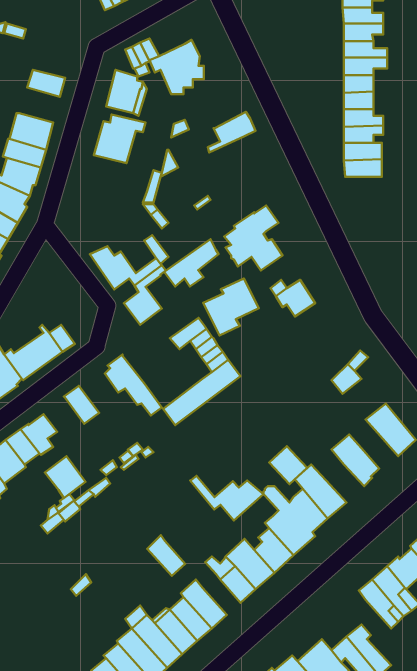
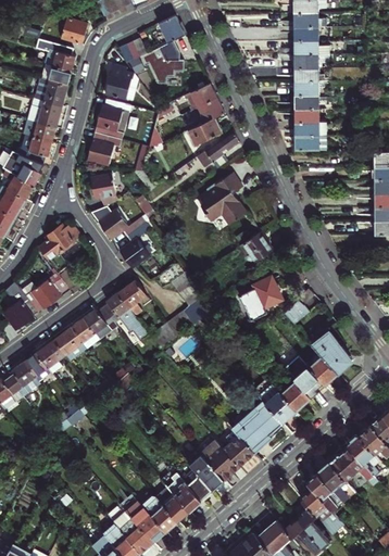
building: none -> [158,15,186,43]
building: none -> [61,17,88,45]
building: none -> [45,42,75,71]
building: none -> [35,78,67,106]
building: none -> [184,84,216,111]
building: none -> [187,117,222,144]
building: none -> [87,132,121,165]
building: none -> [90,174,117,205]
building: [164,239,218,287] -> [196,130,239,168]
building: none -> [38,224,80,261]
building: [203,278,259,335] -> [238,276,283,321]
building: none -> [117,280,147,315]
building: none -> [83,307,116,339]
building: none -> [309,355,338,386]
building: [269,446,307,484] -> [280,380,311,410]
building: [45,456,86,498] -> [54,327,87,361]
building: [190,476,264,520] -> none
building: [147,535,185,576] -> [181,468,212,501]
building: none -> [301,489,343,534]

